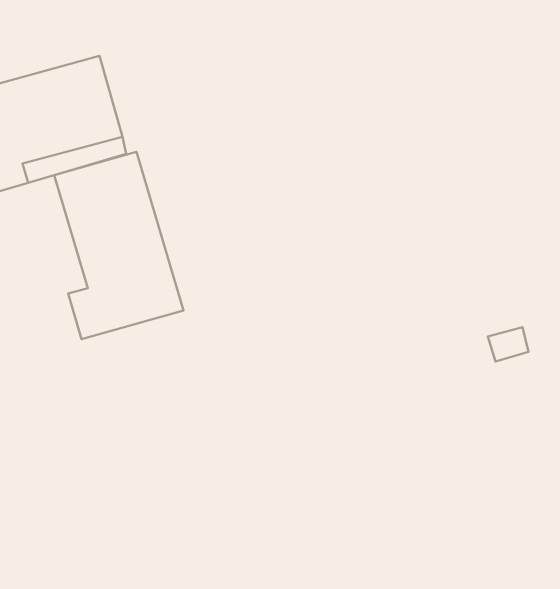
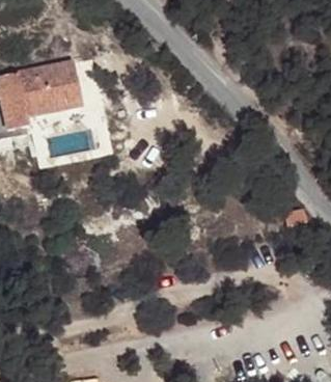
building: [54,152,183,339] -> none

